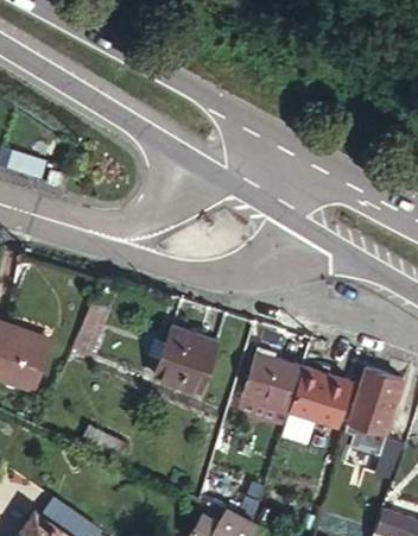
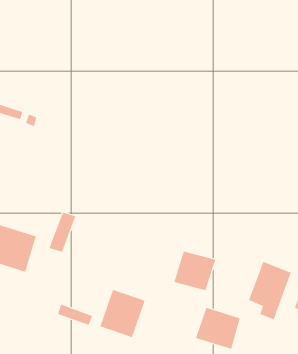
building: [154,326,217,392] -> [100,289,146,338]
building: [287,366,349,424] -> [195,307,240,350]

